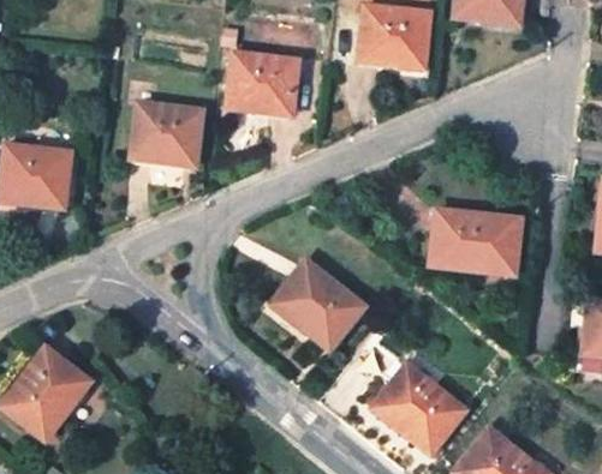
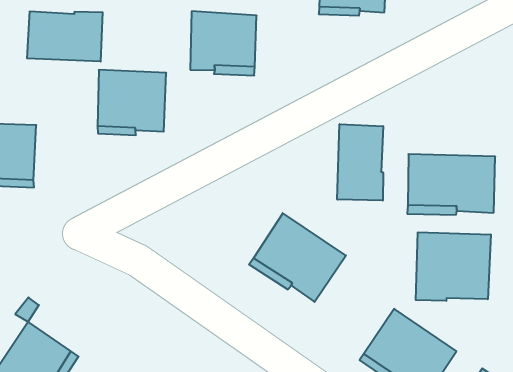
building: none -> [27,11,103,62]
building: none -> [337,124,383,201]
building: none -> [416,232,491,301]

